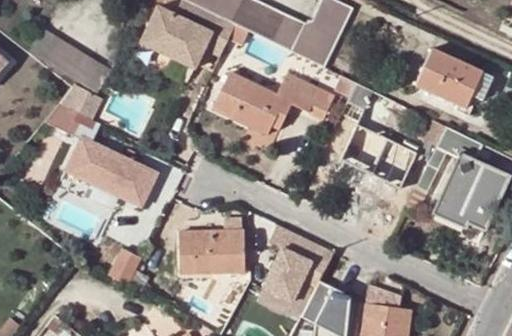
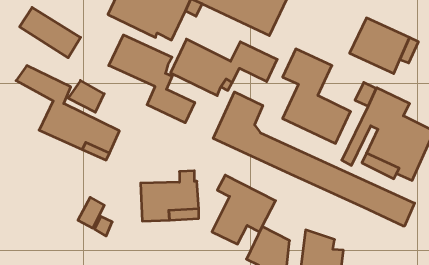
building: none -> [109,35,195,123]
building: [60,83,101,119] -> [68,80,104,112]
building: none -> [213,92,415,226]

